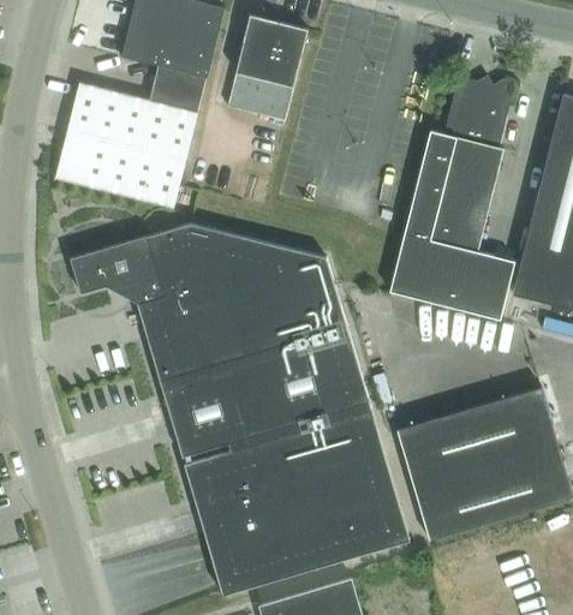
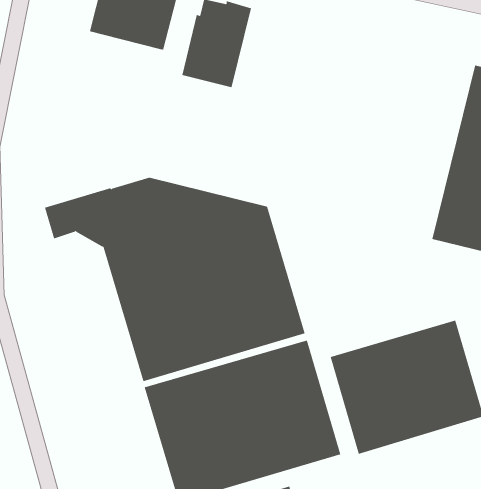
building: [55,66,205,208] -> none
building: [389,74,519,320] -> none

